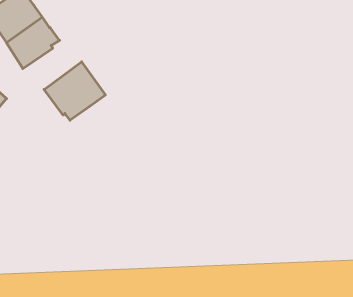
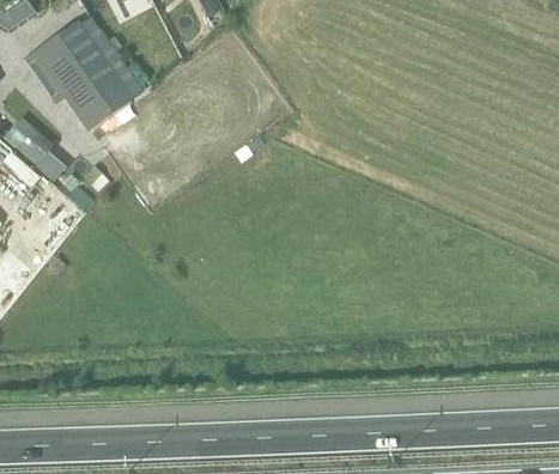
building: [44,62,105,120] -> none

